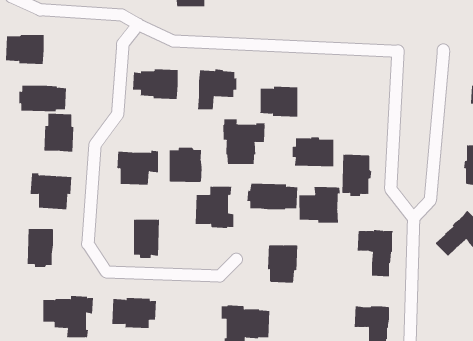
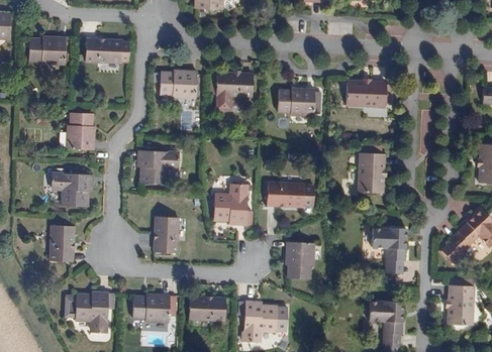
building: [18,85,67,112] -> [82,37,129,64]
building: [223,118,265,165] -> none
building: [292,137,334,167] -> [343,79,385,108]
building: [169,147,202,183] -> none
building: [299,186,341,224] -> none
building: none -> [445,284,475,325]
building: none -> [188,295,227,321]

